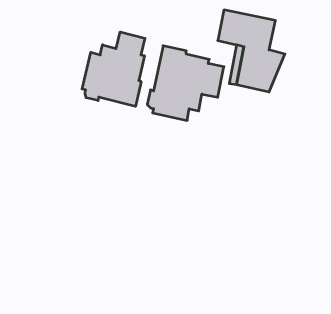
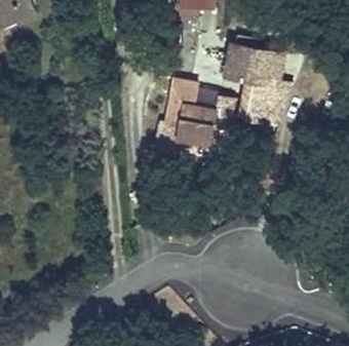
building: [82,32,145,106] -> none

